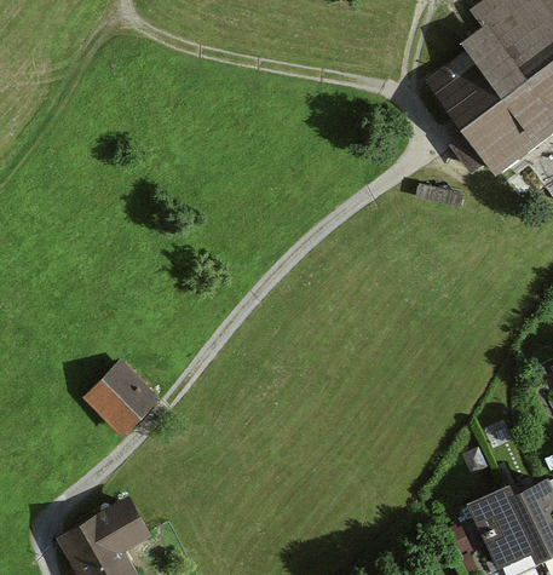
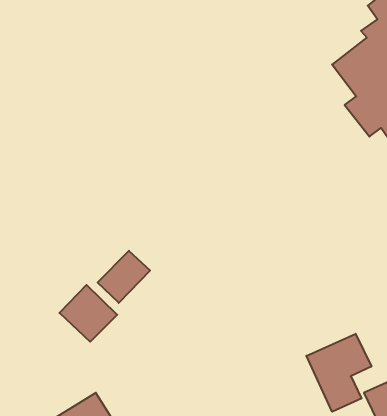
building: none -> [98,251,150,303]
building: none -> [306,334,371,412]

